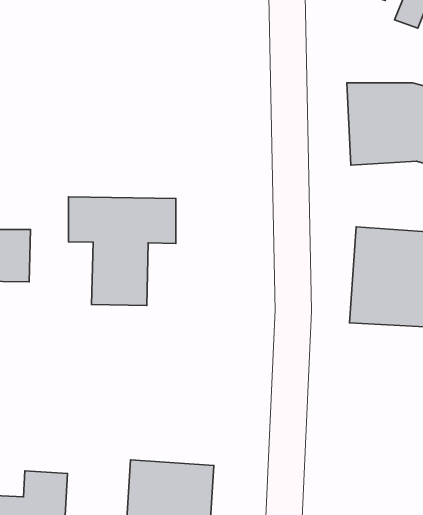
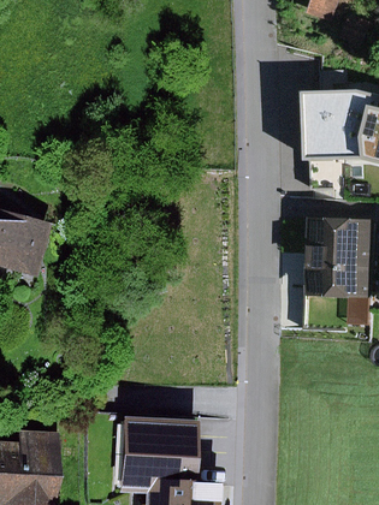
building: [68,197,176,305] -> none

